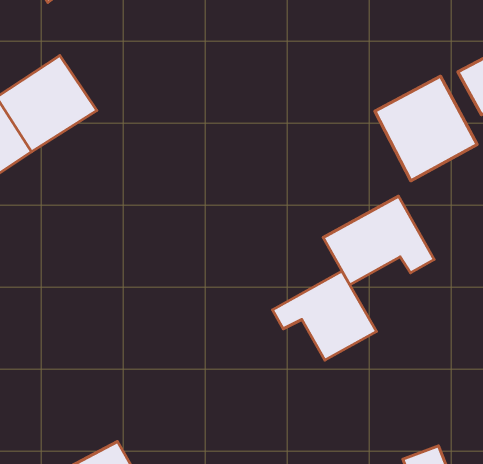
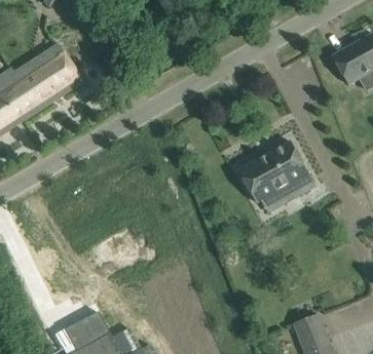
building: [375,76,477,181] -> none
building: [273,271,376,360] -> none

